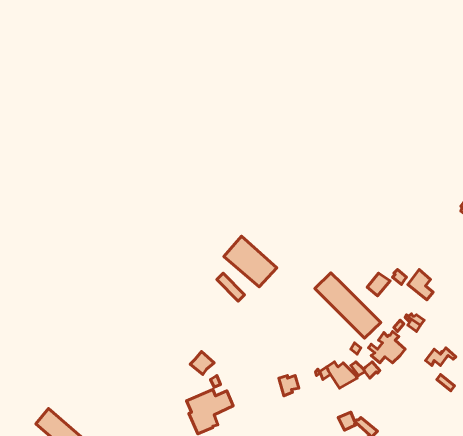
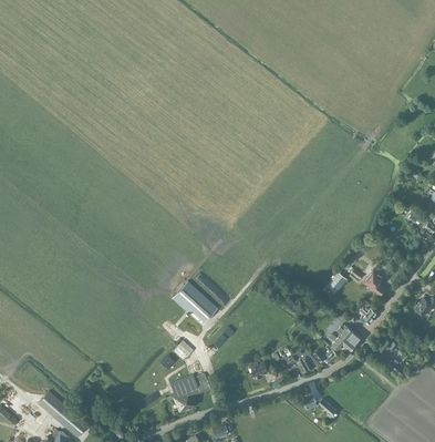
building: [224,236,277,287] -> [172,280,218,325]
building: [315,273,381,338] -> none

